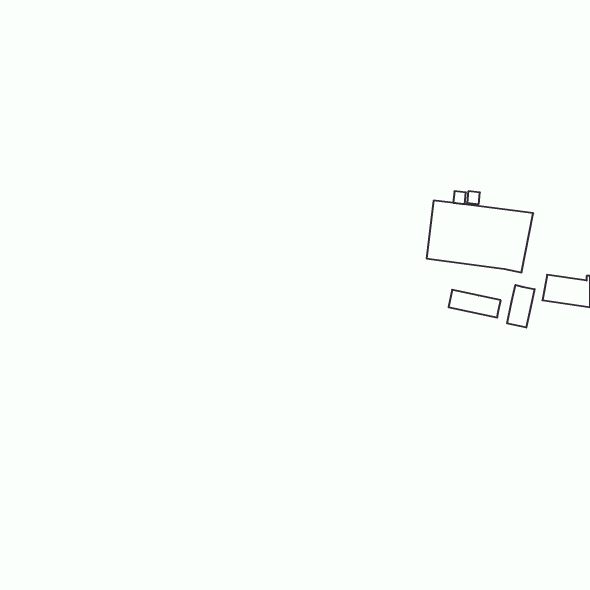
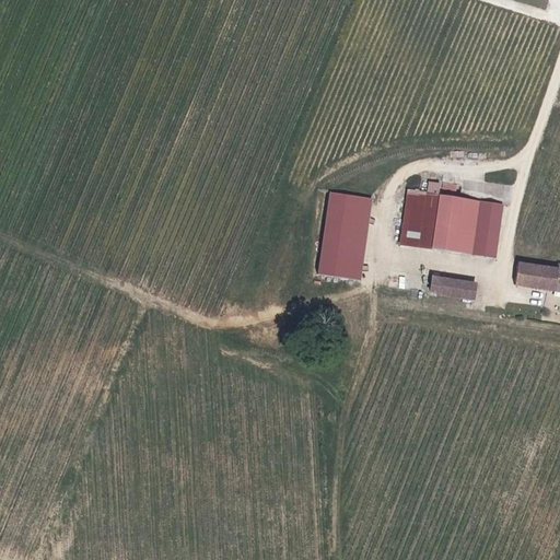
building: none -> [320,192,373,280]
building: [507,285,535,328] -> none

